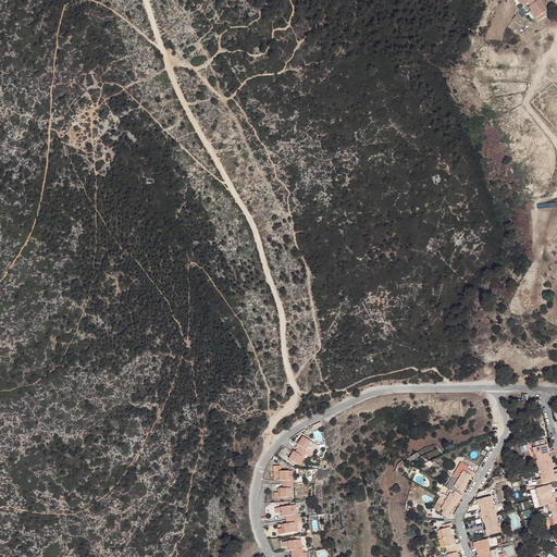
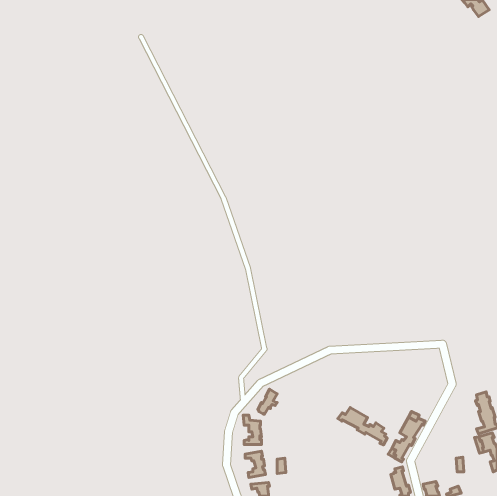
building: none -> [338,408,387,445]
building: [476,495,500,535] -> none

